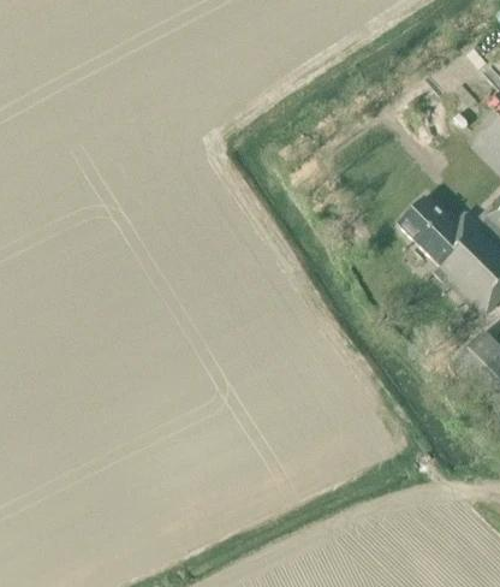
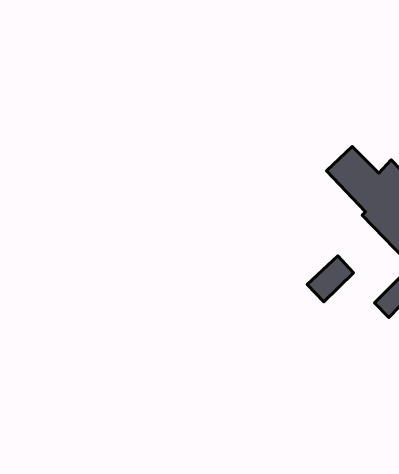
building: none -> [307,256,353,302]

